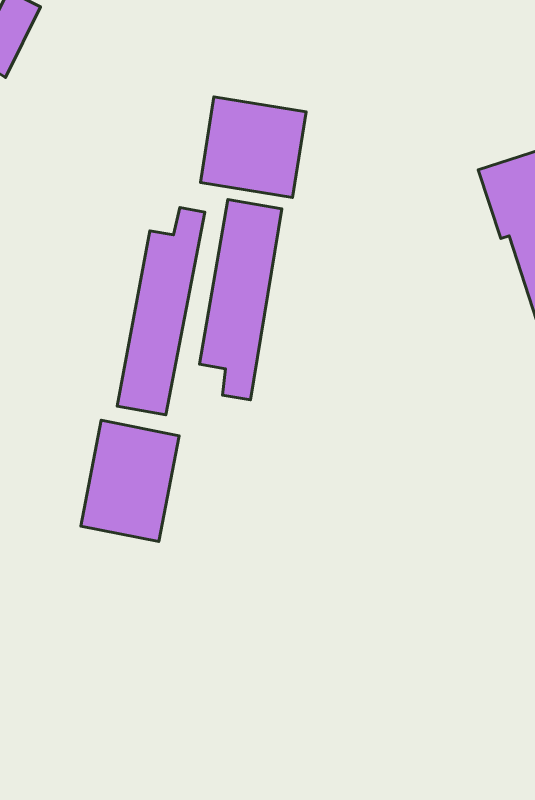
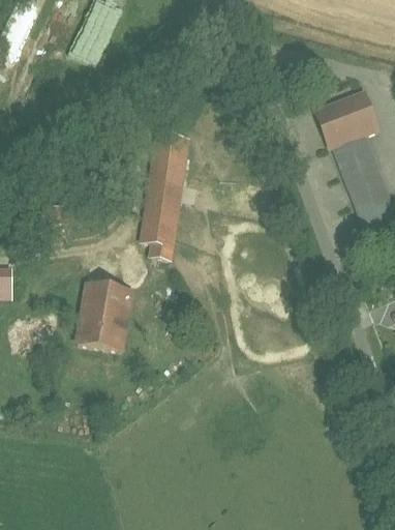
building: [200,97,306,198] -> none
building: [117,207,205,415] -> none

